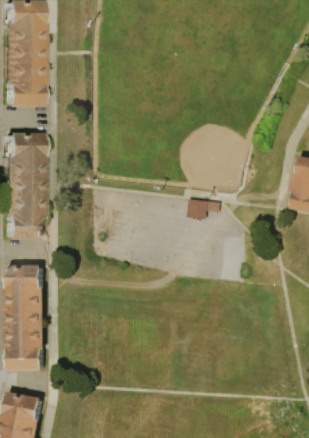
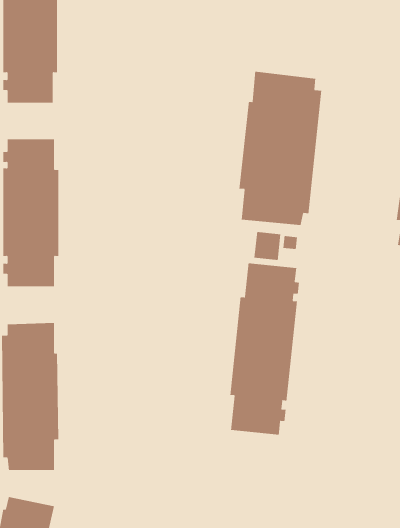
building: none -> [239,71,322,226]
building: none -> [230,262,299,436]

